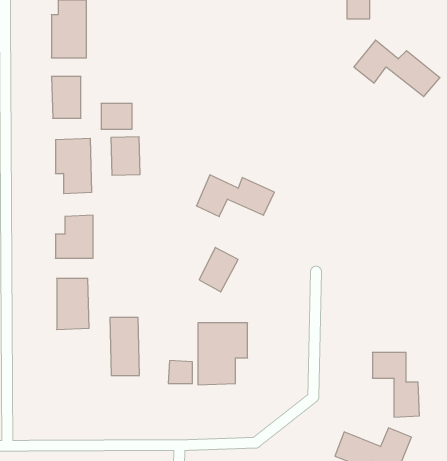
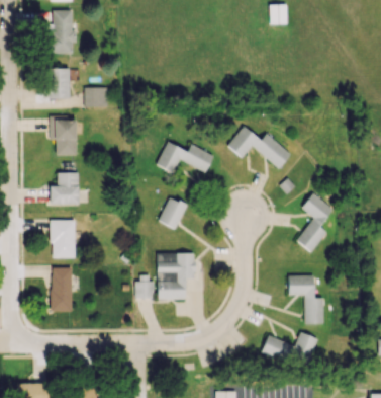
building: [354,40,440,97] -> [227,126,292,168]
building: [111,137,140,175] -> none
building: none -> [297,193,334,252]
building: [110,318,139,375] -> [51,267,73,311]

